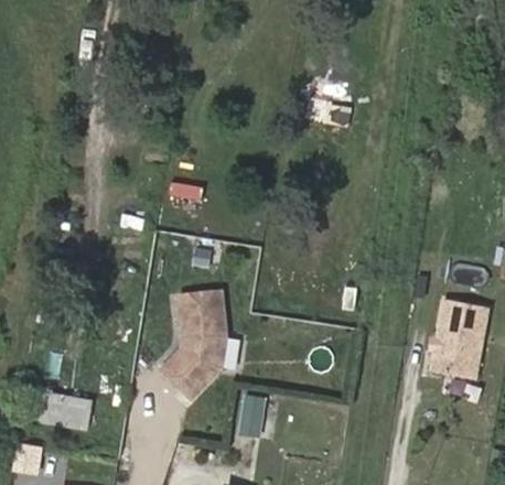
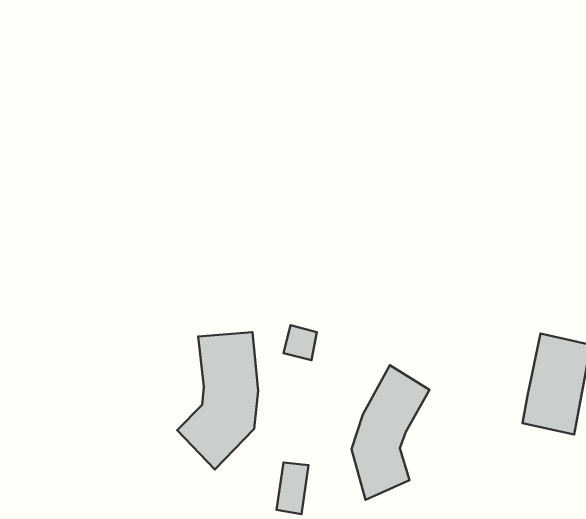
building: none -> [351,365,430,500]
building: [41,394,93,428] -> none

